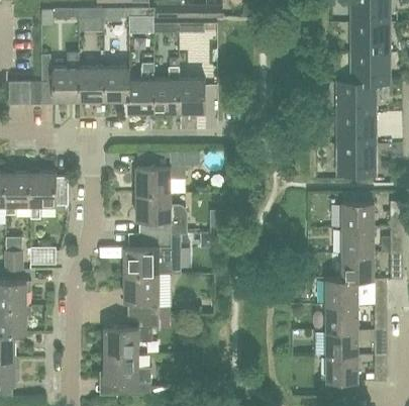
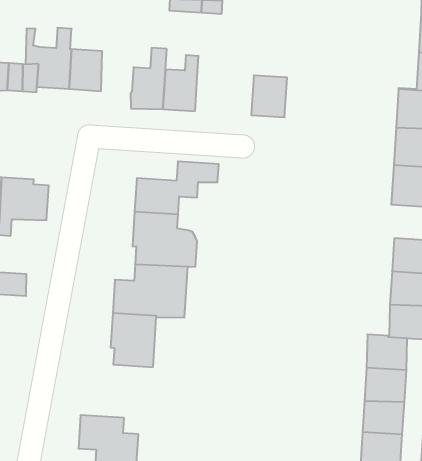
building: [103,70,129,101] -> none
building: [179,81,205,112] -> [251,75,287,117]
building: [104,315,160,357] -> none

